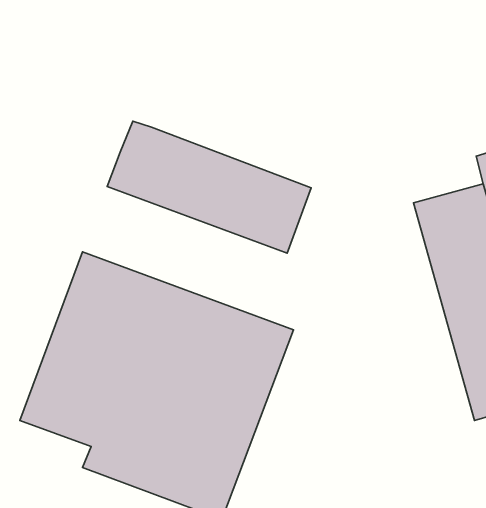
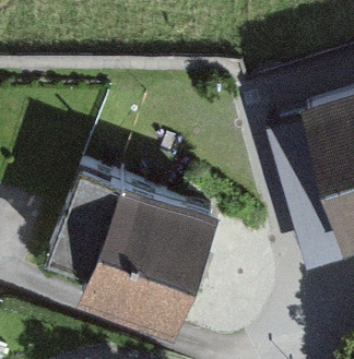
building: [107,121,311,253] -> none

